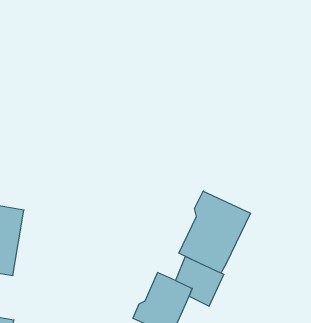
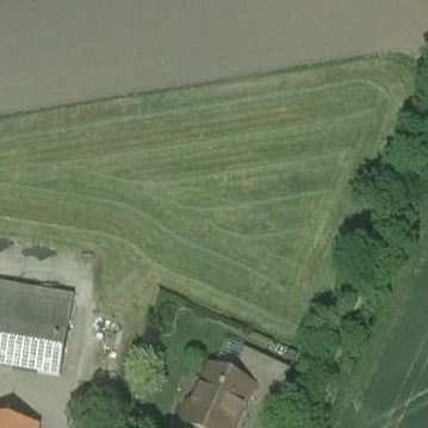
building: [179,191,250,273] -> none
building: none -> [36,287,73,371]

